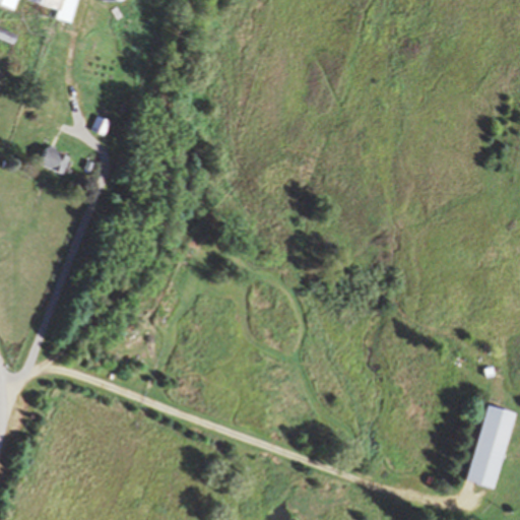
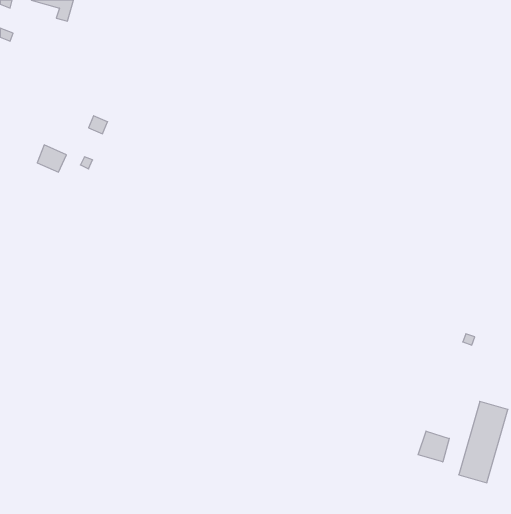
building: none -> [418,431,449,462]

